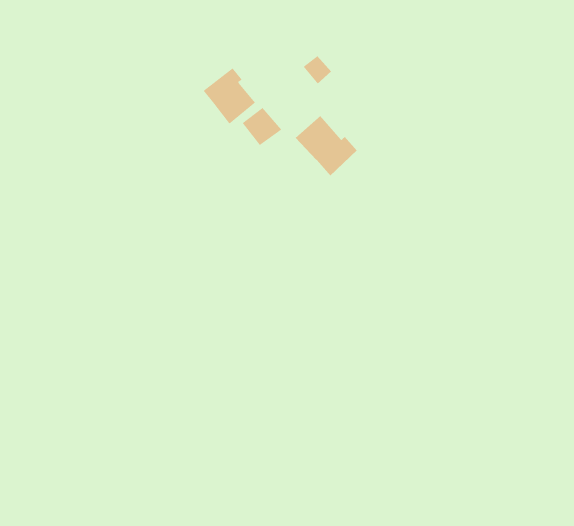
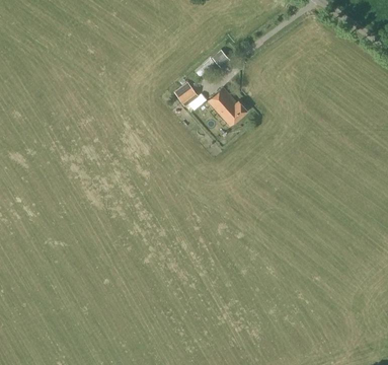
building: [203,68,256,124] -> none

